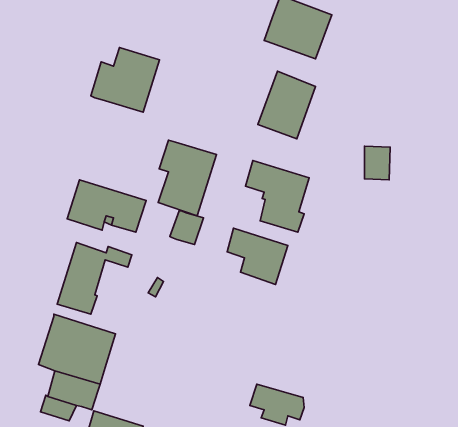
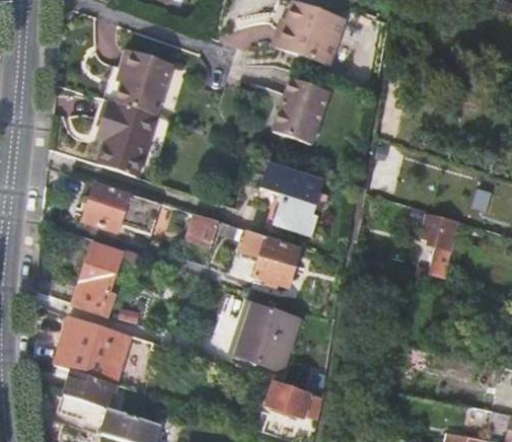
building: [158,140,217,216] -> [100,101,158,176]
building: none -> [422,214,461,279]
building: none -> [235,304,298,371]

